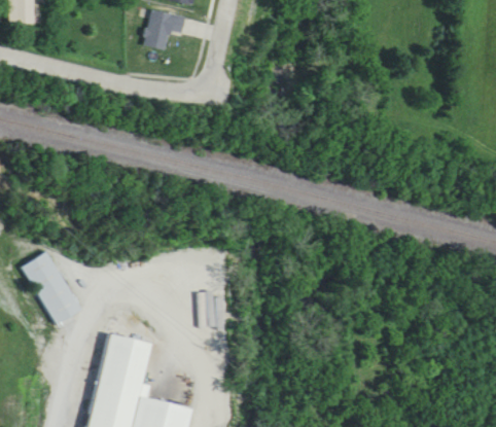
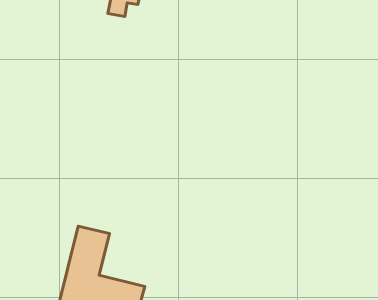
building: [26,254,84,328] -> none

